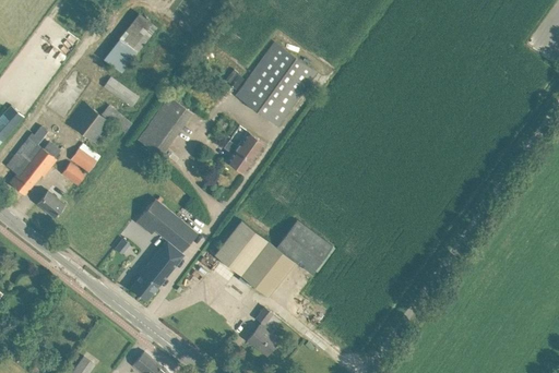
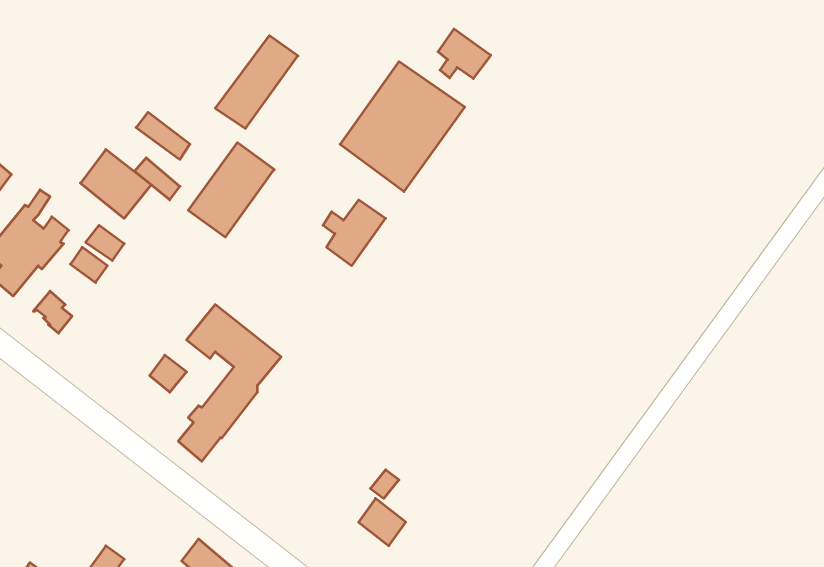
building: [103,13,156,73] -> [215,36,298,128]
building: none -> [438,29,491,79]
building: [214,219,332,297] -> none

